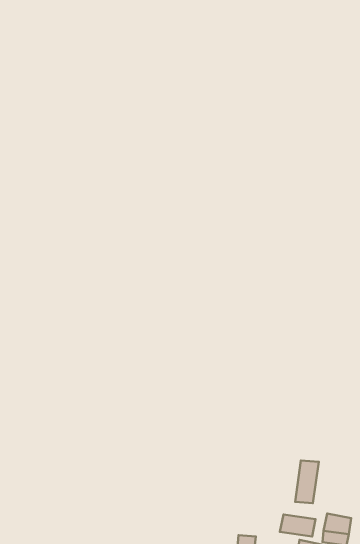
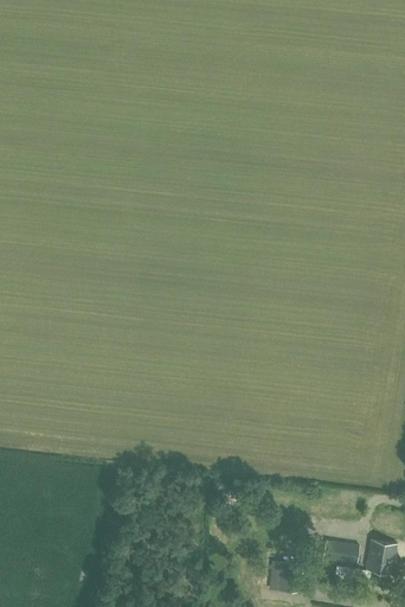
building: [295,460,319,503] -> none

